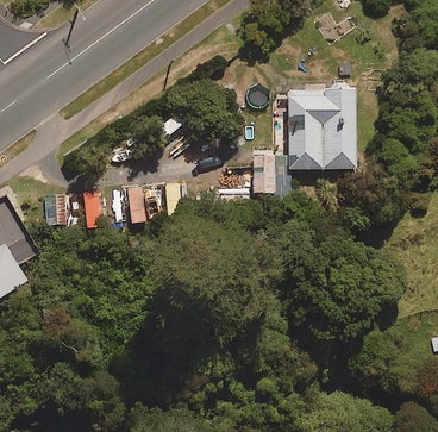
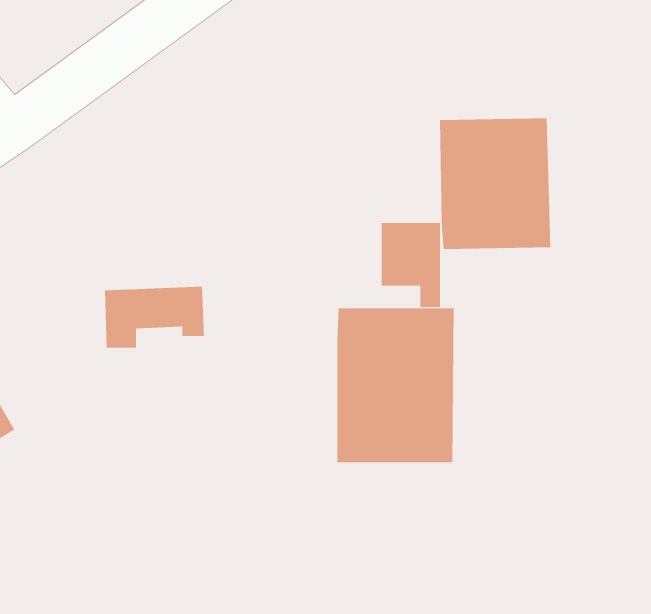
building: none -> [337,308,454,463]

